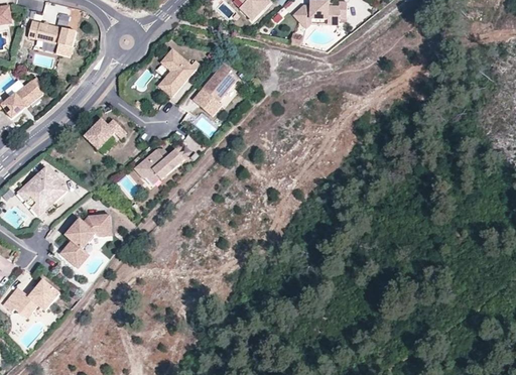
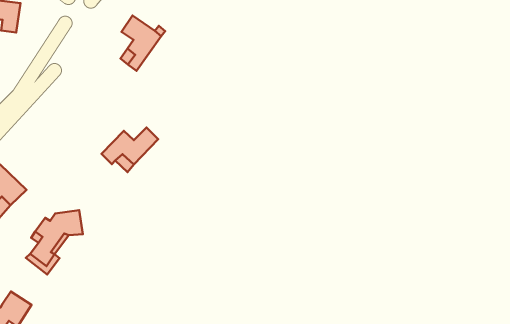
building: [191,62,234,114] -> none
building: [84,119,126,149] -> none

